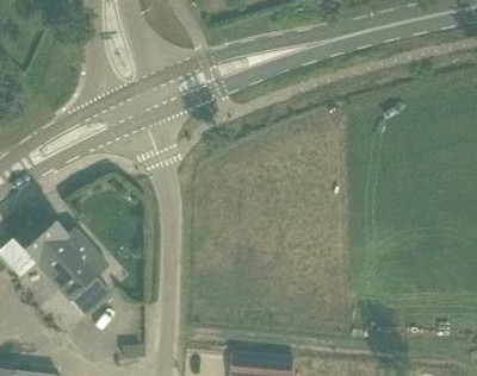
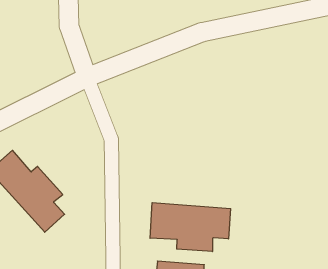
building: none -> [150,203,231,252]

